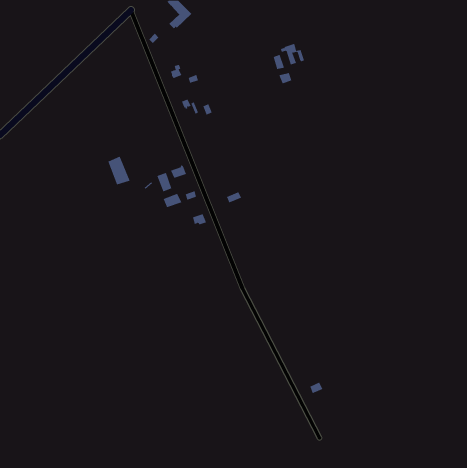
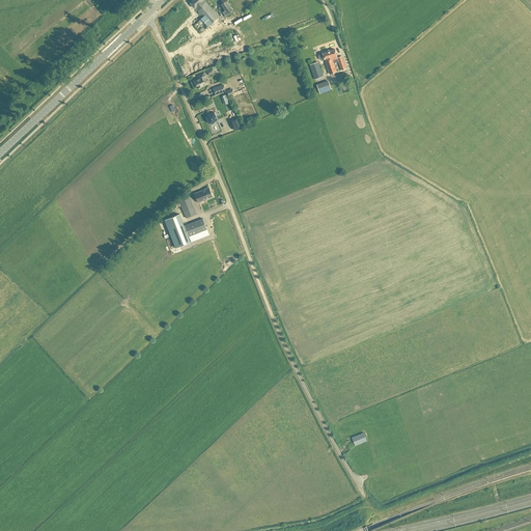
building: [108,156,130,185] -> [164,214,190,247]

